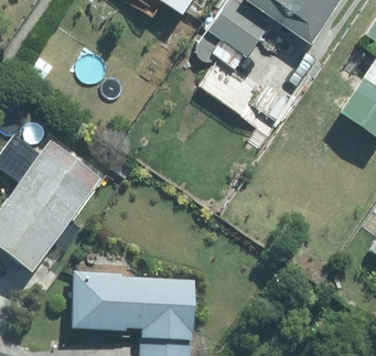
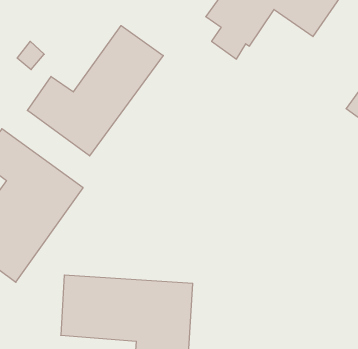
building: none -> [27,26,163,156]

